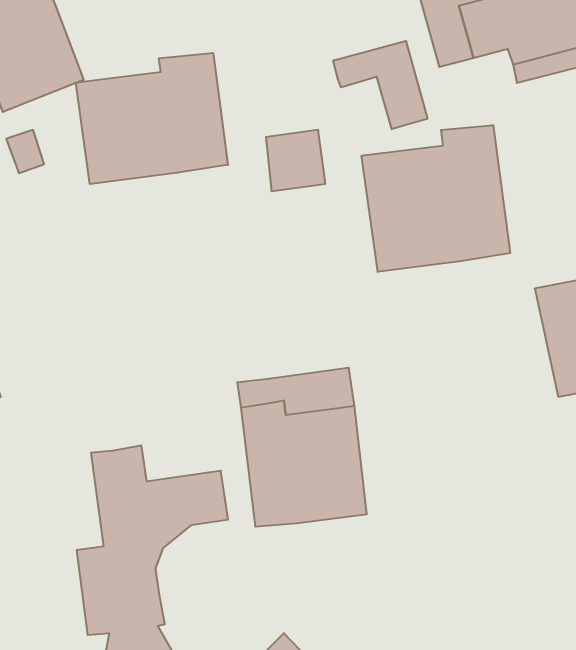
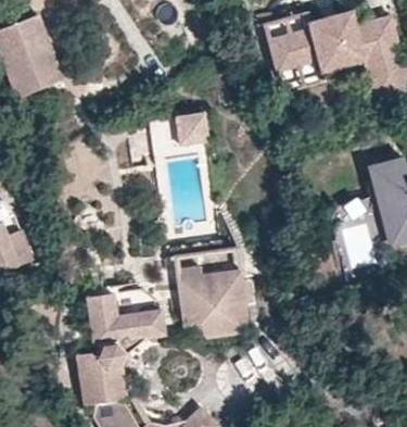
building: [333,41,428,129] -> none
building: [76,53,228,184] -> none
building: [362,125,510,272] -> none

